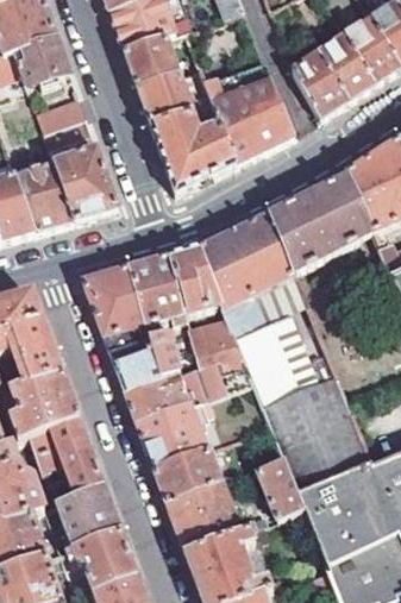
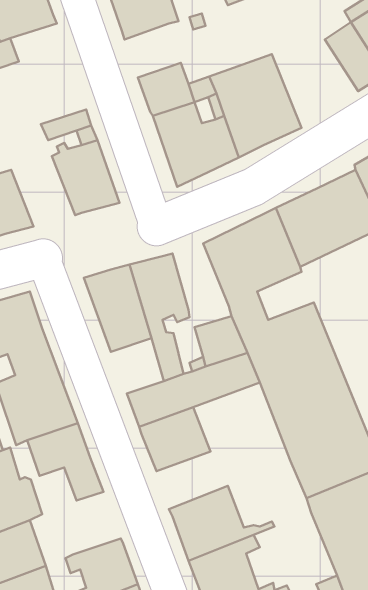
building: [13,32,70,83] -> none
building: [124,32,200,84] -> none
building: [292,48,350,118] -> none
building: [14,161,76,228] -> none
building: [170,245,225,312] -> none
building: [252,272,307,319] -> none
building: [111,337,162,390] -> none
building: [155,445,224,502] -> none
building: [257,456,305,516] -> none
building: [57,485,120,546] -> none

